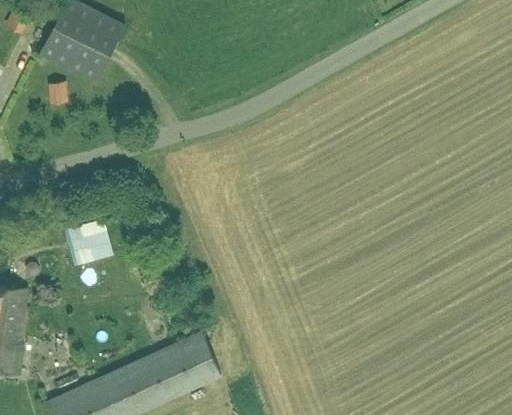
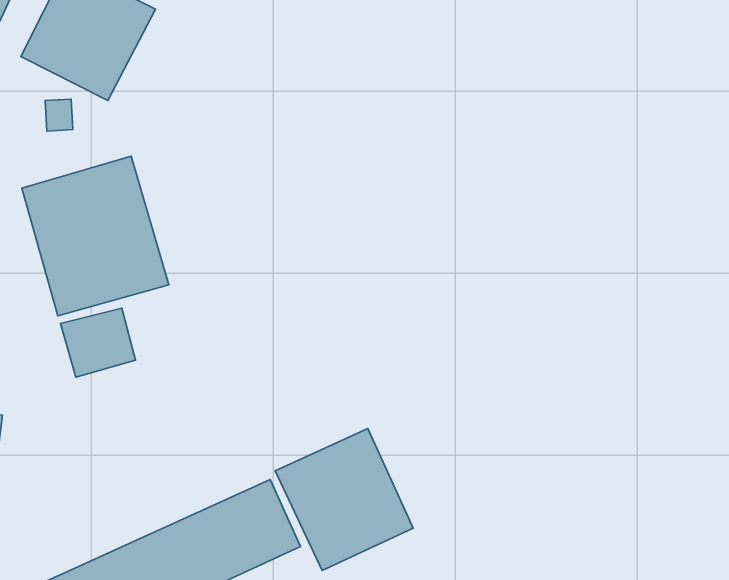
building: none -> [22,156,169,316]
building: none -> [275,429,413,570]

